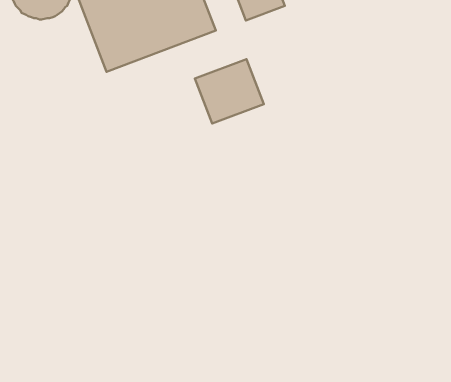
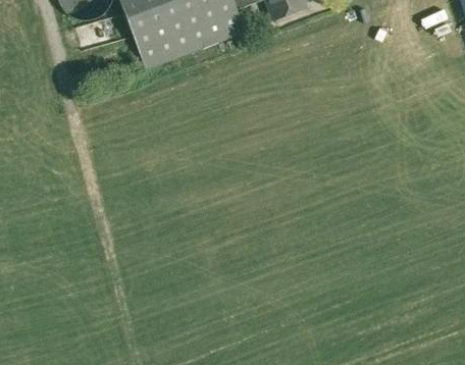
building: [195,59,264,124] -> none

